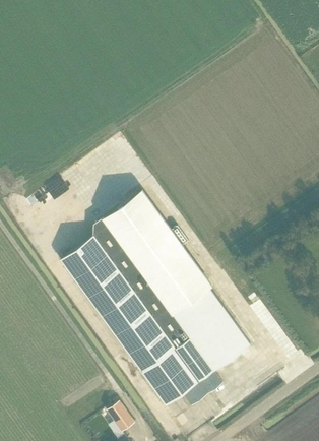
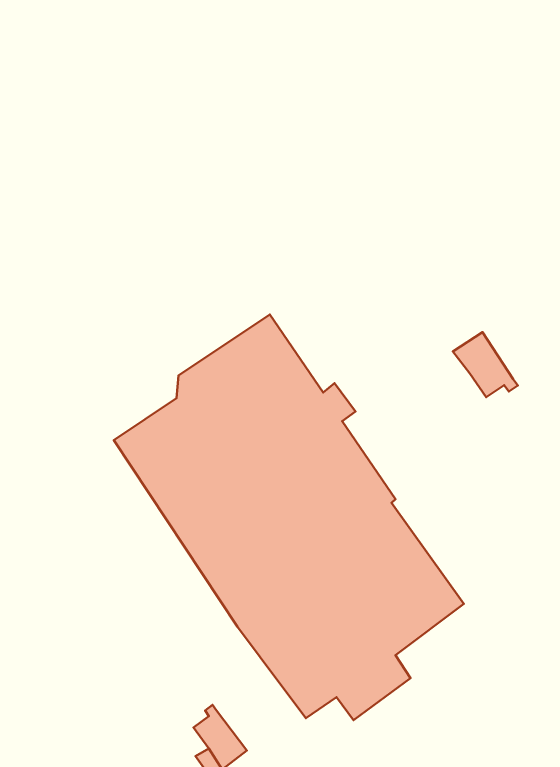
building: none -> [453,332,518,397]

